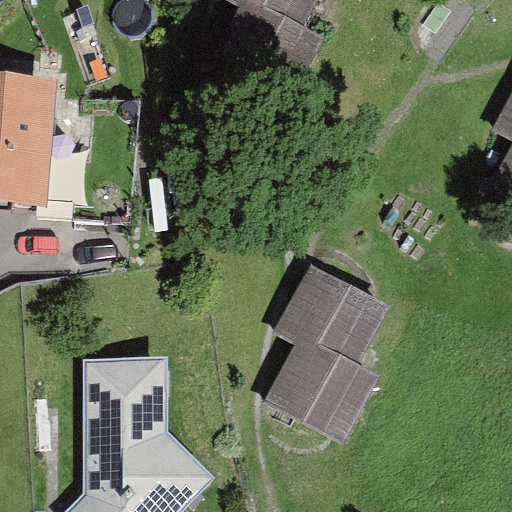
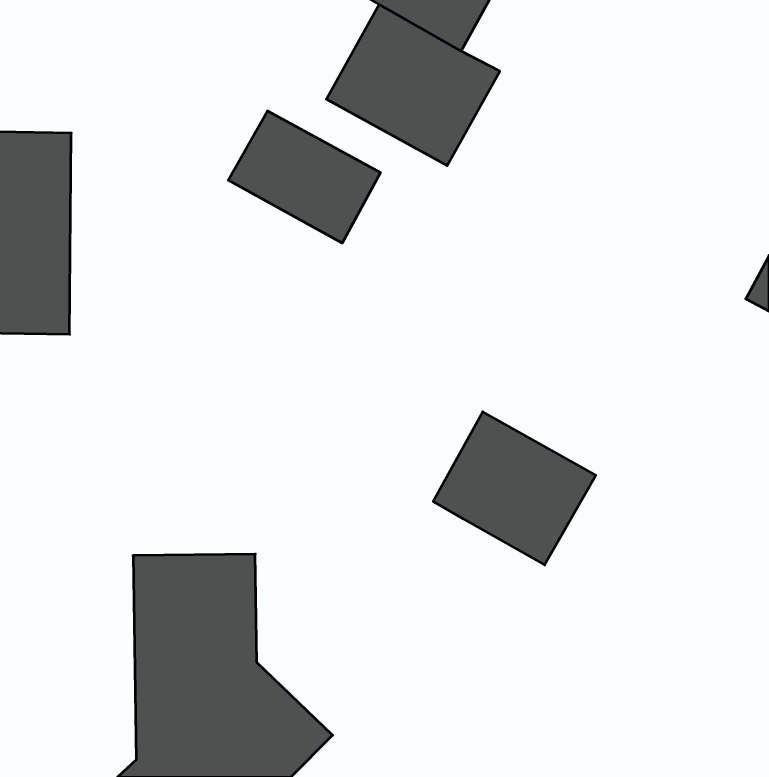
building: none -> [228,111,380,243]
building: [265,335,377,439] -> none

